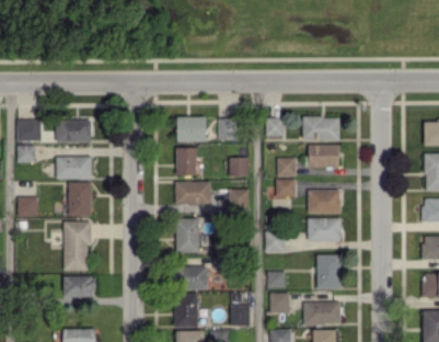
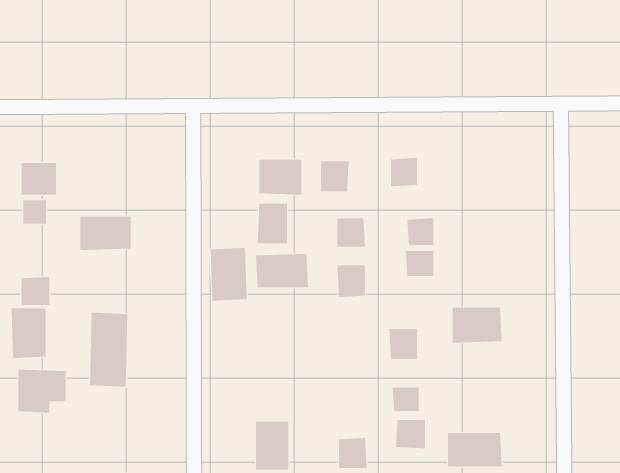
building: [302,116,340,140] -> none
building: [57,119,92,141] -> none
building: [309,145,340,168] -> none
building: [68,182,92,216] -> [11,308,46,358]
building: [308,190,340,213] -> none
building: [175,217,200,253] -> [210,247,247,301]
building: [317,254,340,288] -> none
building: [174,266,208,289] -> none
building: [63,275,96,305] -> [18,369,66,413]

